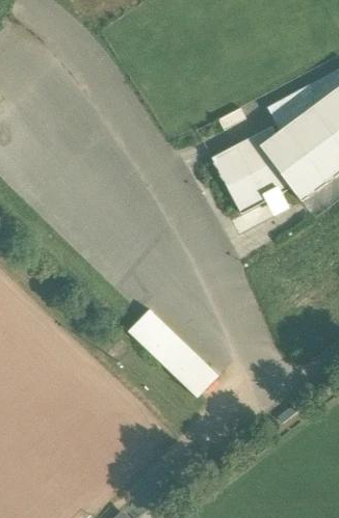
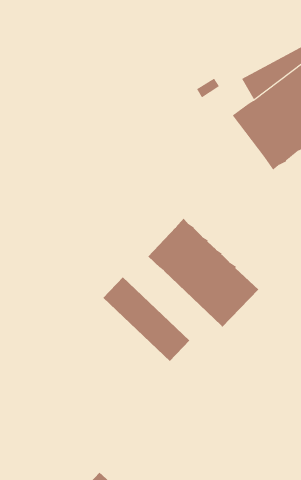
building: [210,127,290,214] -> none
building: none -> [147,218,259,328]

